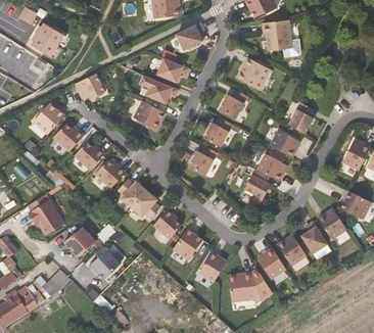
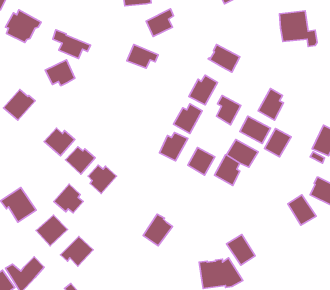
building: [261,19,298,55] -> [280,11,317,46]
building: [139,74,177,102] -> [53,30,91,58]
building: [133,100,165,129] -> none
building: none -> [216,95,241,125]
building: [53,123,84,150] -> none
building: none -> [264,128,291,157]
building: none -> [188,147,215,175]
building: [131,189,160,218] -> [54,184,83,213]
building: [153,207,181,238] -> none
building: [301,221,327,252] -> none
building: [277,234,306,265] -> none
building: [198,250,227,282] -> none

